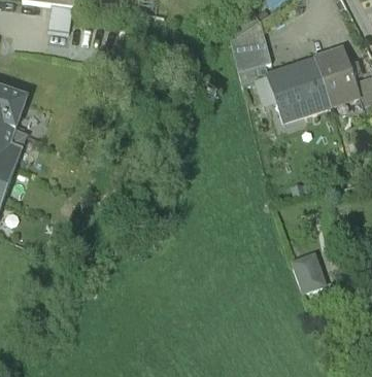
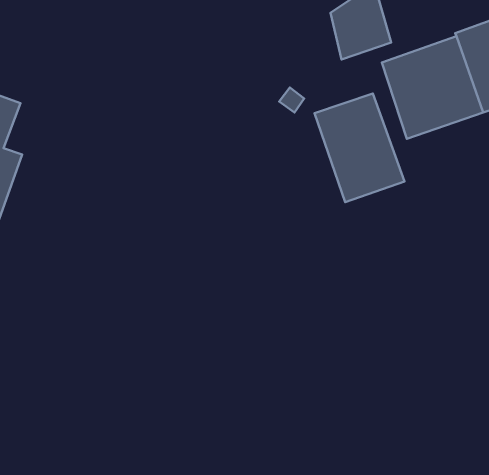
building: none -> [314,94,405,202]
building: [290,252,326,294] -> none

